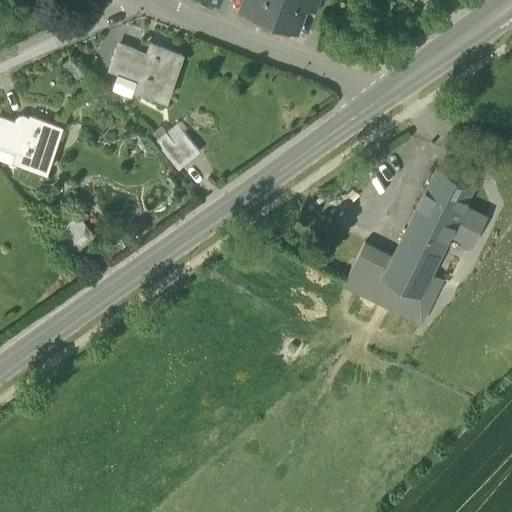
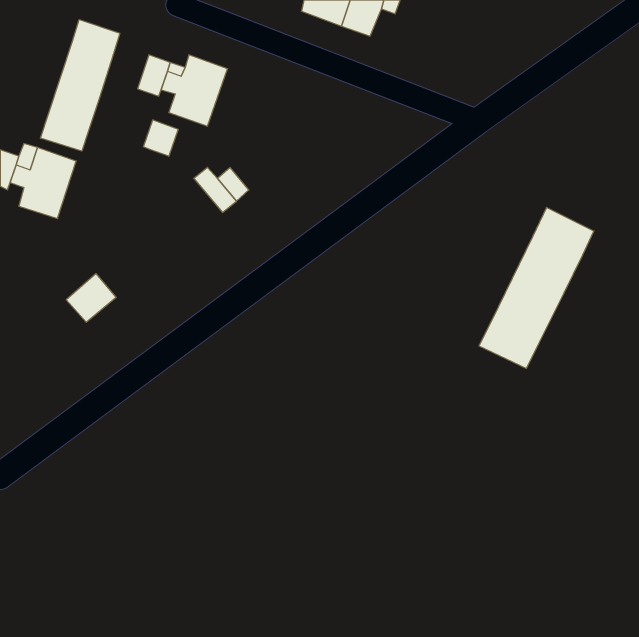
building: none -> [40,20,120,151]
building: none -> [144,120,178,156]
building: [451,205,487,246] -> none
building: [346,245,440,318] -> none

